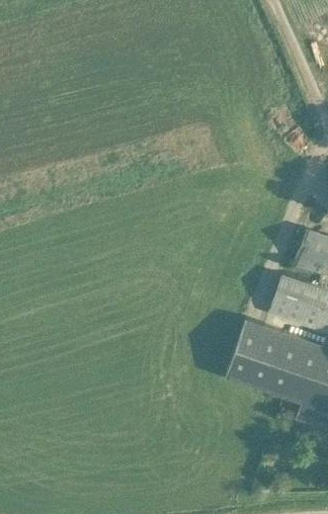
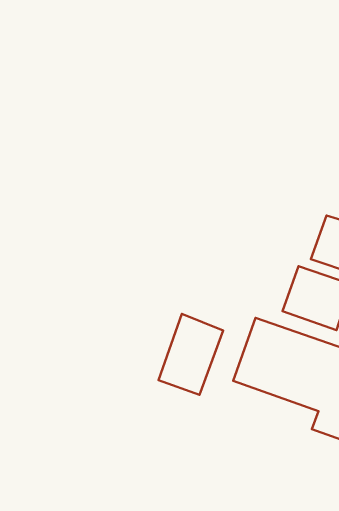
building: none -> [158,314,223,395]

